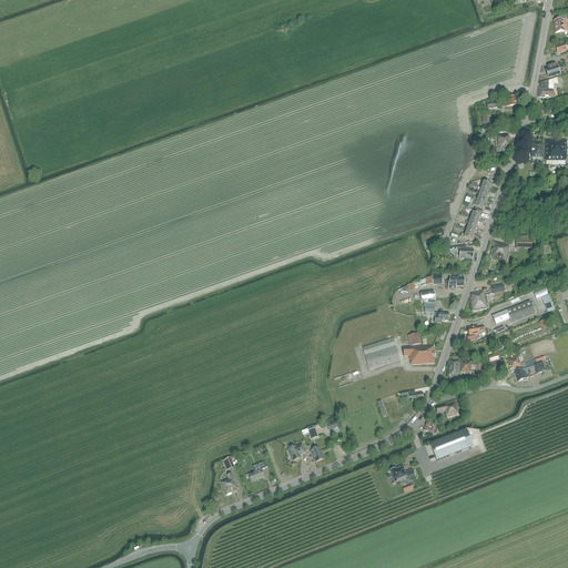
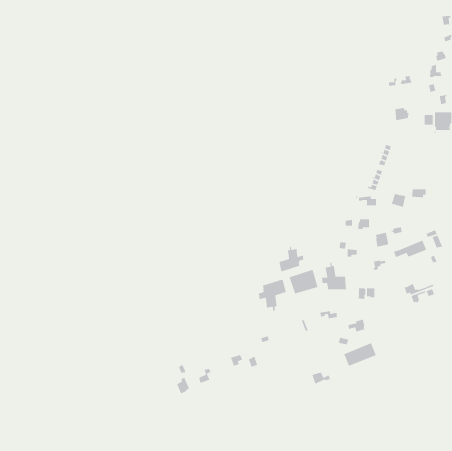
building: none -> [278,246,304,273]
building: none -> [258,278,287,312]

